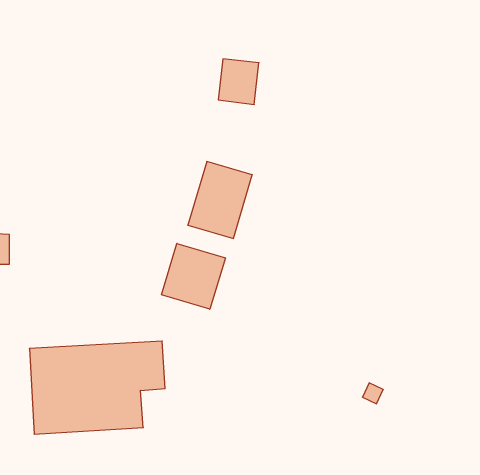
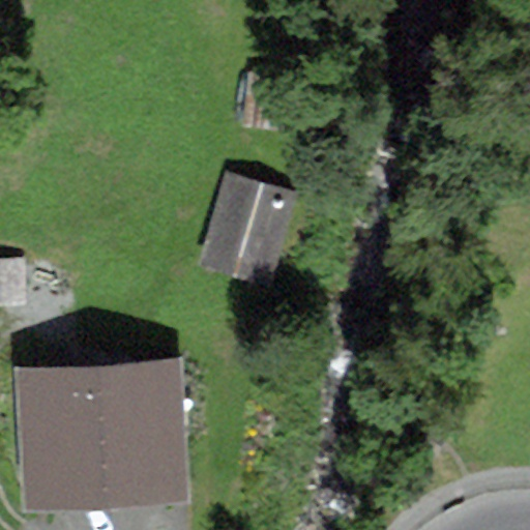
building: [161,243,225,309] -> none

